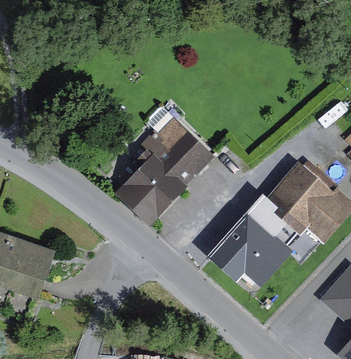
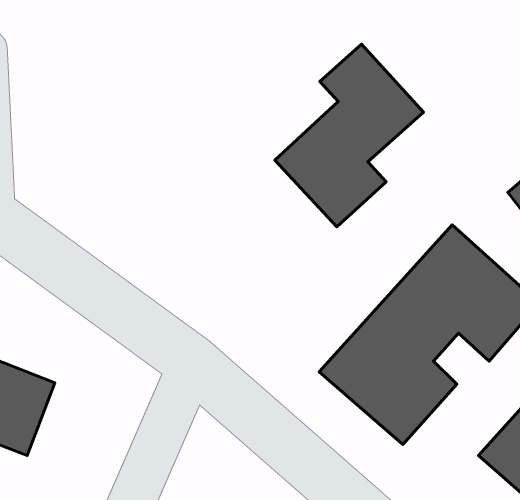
building: [117,112,213,230] -> [275,44,423,227]

